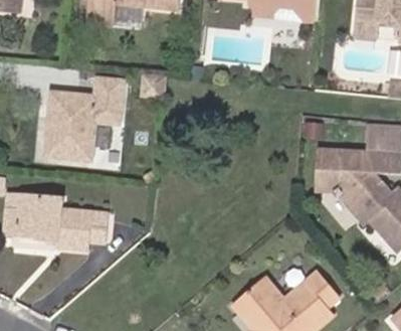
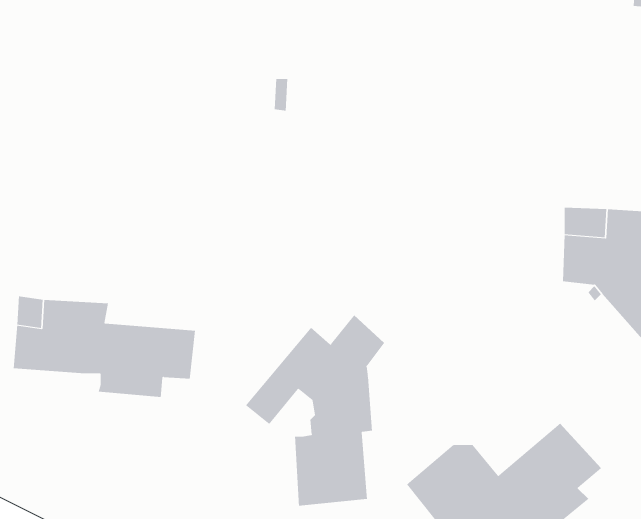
building: [40,73,127,164] -> none
building: none -> [245,315,385,506]

